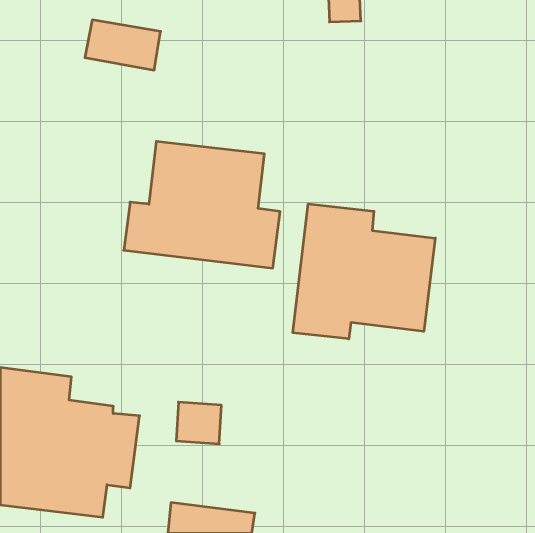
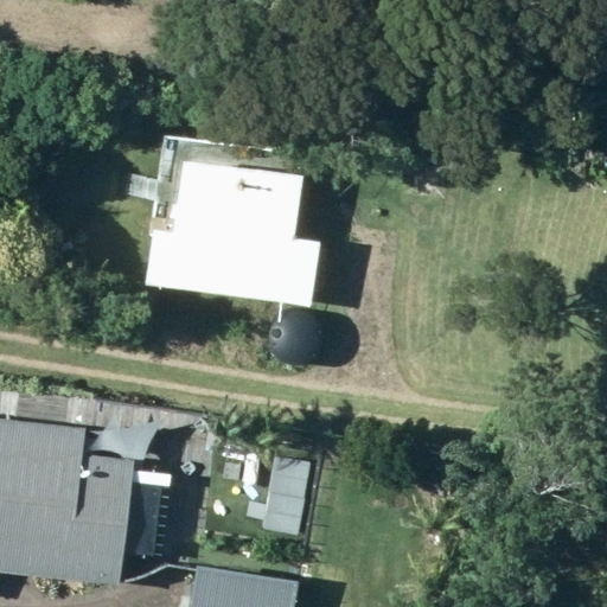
building: [293,204,435,339] -> none

